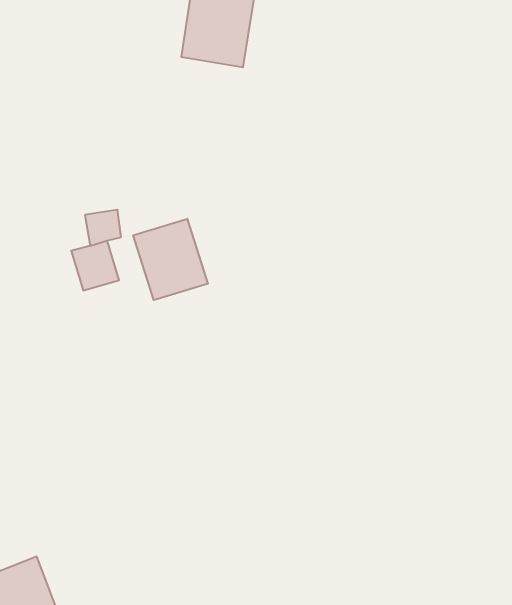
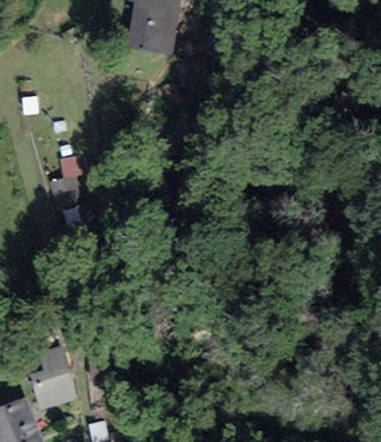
building: [133,219,208,300] -> none
building: none -> [29,344,77,410]

